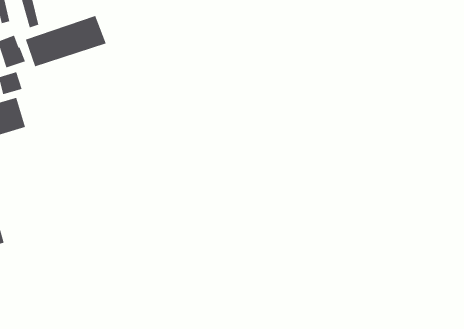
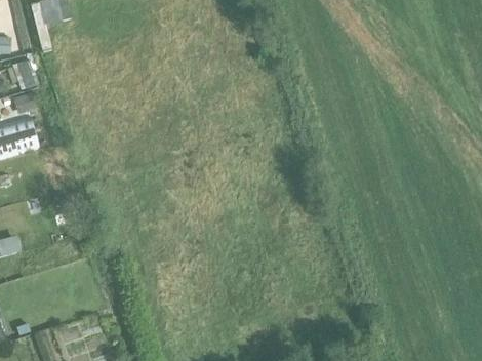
building: [25,15,106,67] -> none

